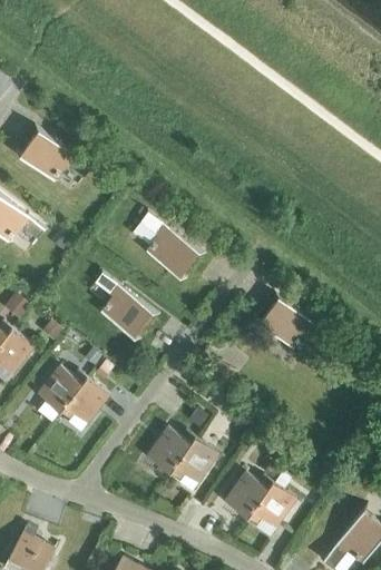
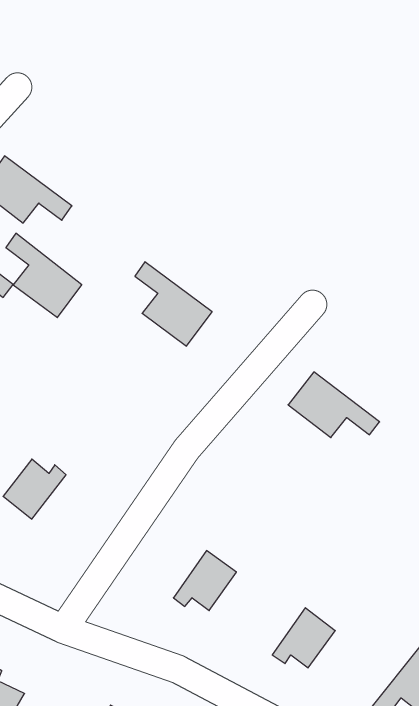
building: [95,272,154,337] -> [6,233,82,318]
building: [60,377,110,423] -> none
building: [147,426,196,473] -> none
building: [224,472,273,518] -> none

